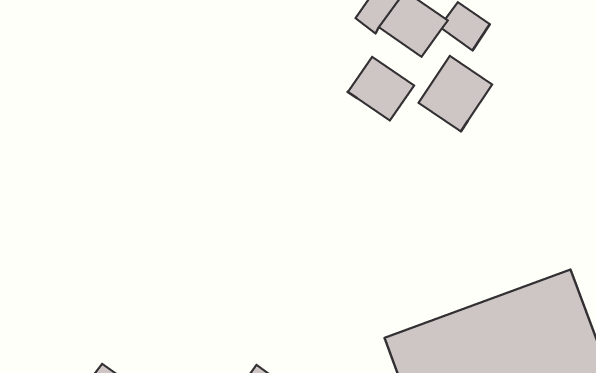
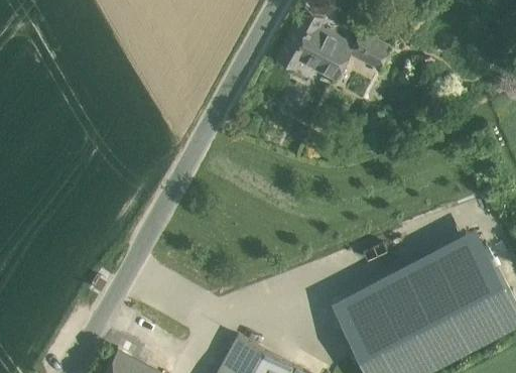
building: [419,56,492,132] -> none
building: [348,57,414,120] -> none

